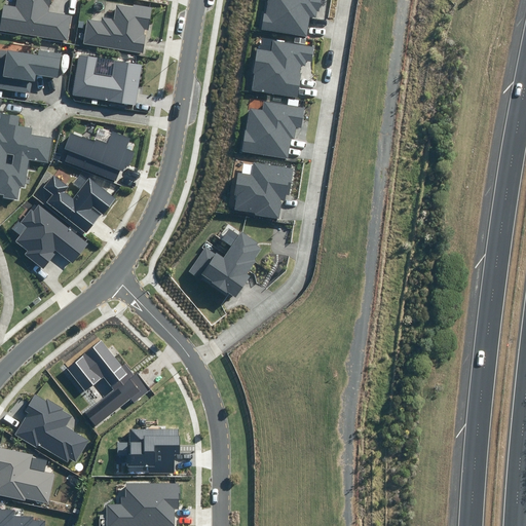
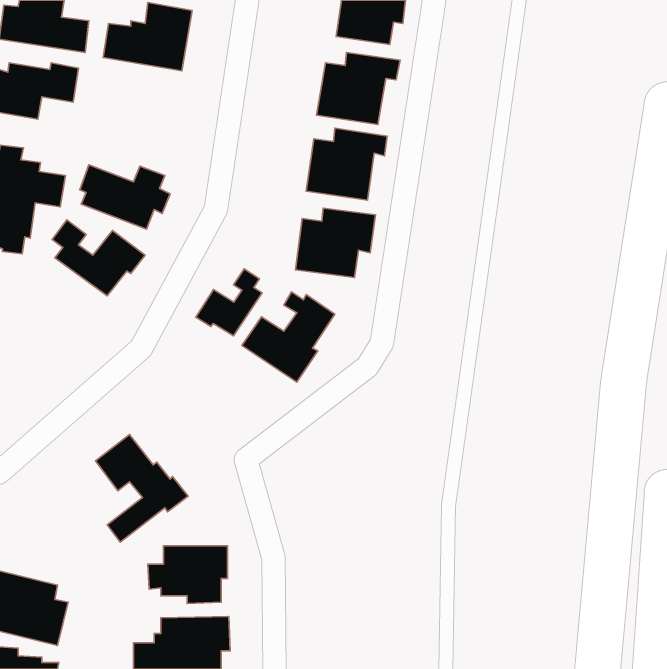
building: [71,53,142,106] -> none
building: [13,205,86,269] -> none
building: none -> [196,269,262,336]
building: [14,394,87,461] -> none

